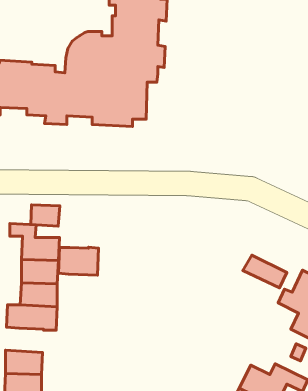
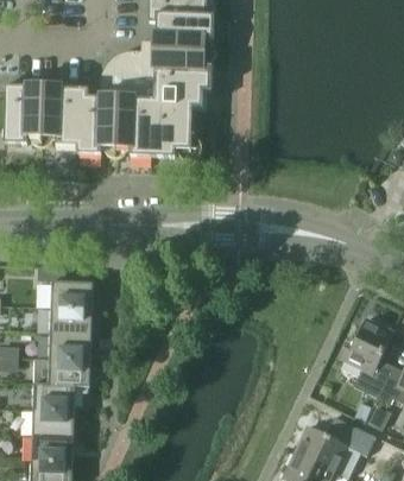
building: [31,205,60,226] -> none
building: [58,247,99,275] -> none
building: [243,255,287,288] -> none
building: none -> [32,382,75,411]

